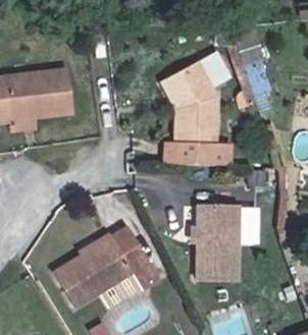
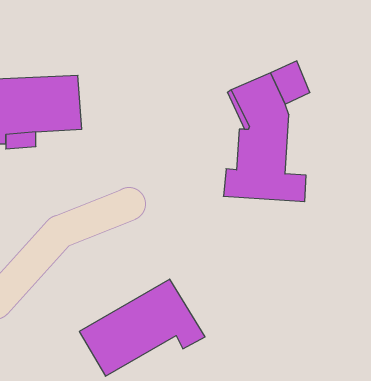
building: [207,211,253,287] -> none

